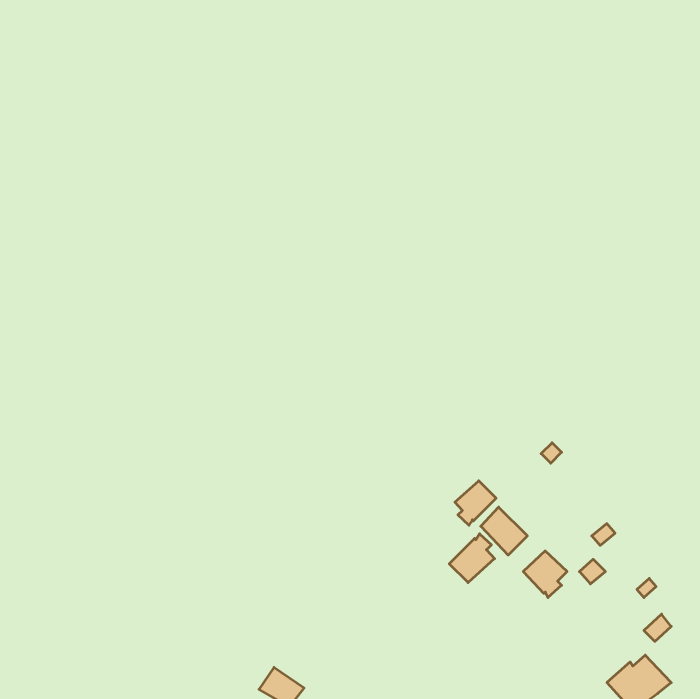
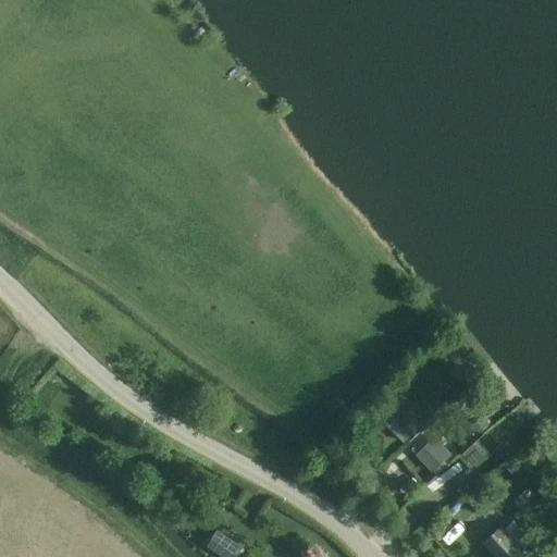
building: [455,481,496,525] -> none
building: [449,534,495,583] -> none

